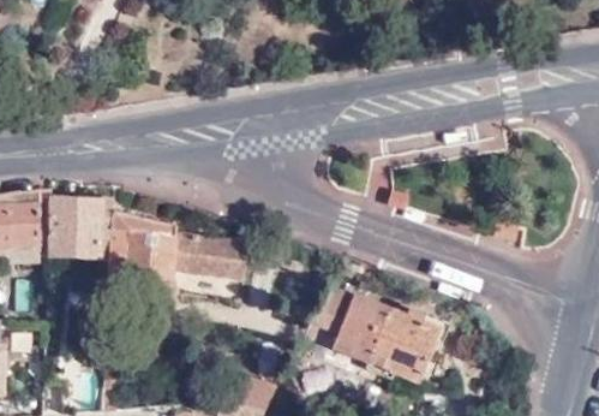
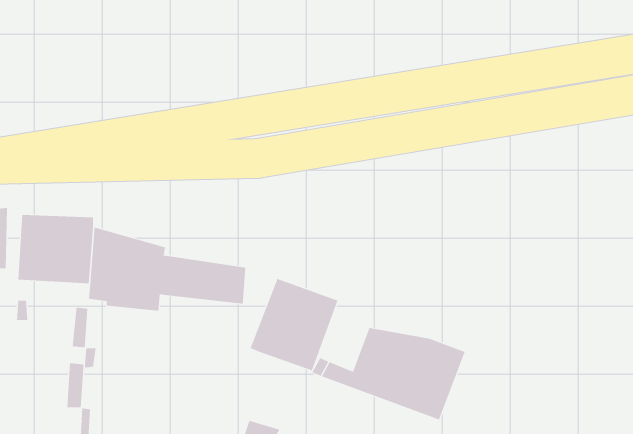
building: none -> [250,278,338,371]

